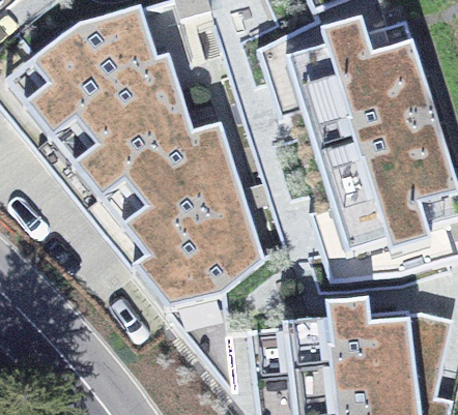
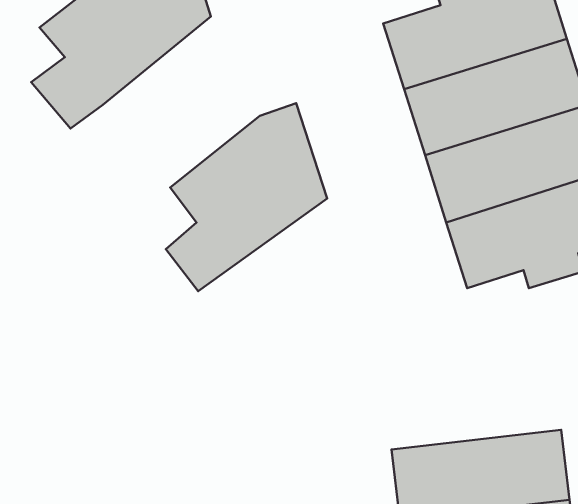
building: [74,50,193,198] -> none
building: [134,187,264,308] -> none
building: [284,297,416,373] -> none

